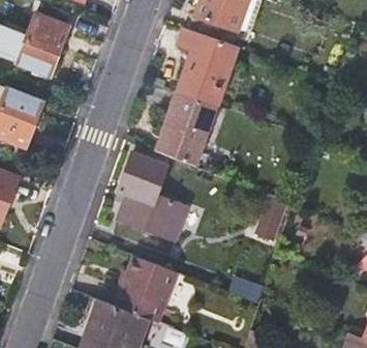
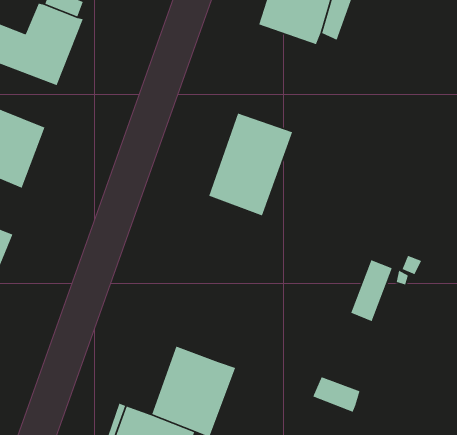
building: [177,28,238,106] -> none
building: [117,152,185,238] -> none

